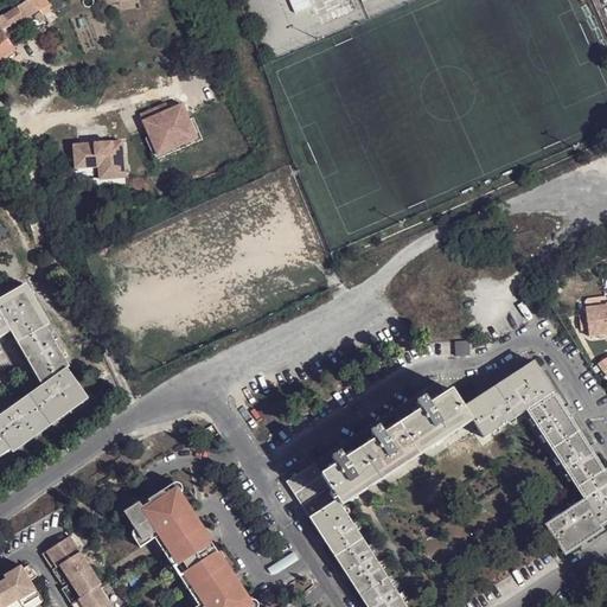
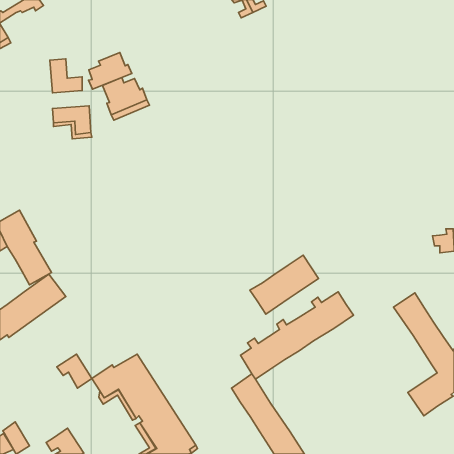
building: none -> [89,52,132,89]
building: none -> [50,59,82,93]
building: [461,359,552,437] -> [250,255,318,314]
building: [285,462,336,517] -> none
building: [44,538,90,583] -> [57,354,92,388]

